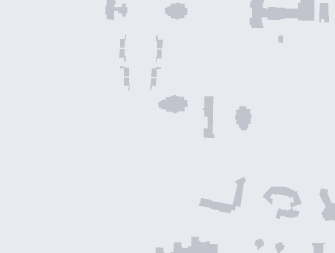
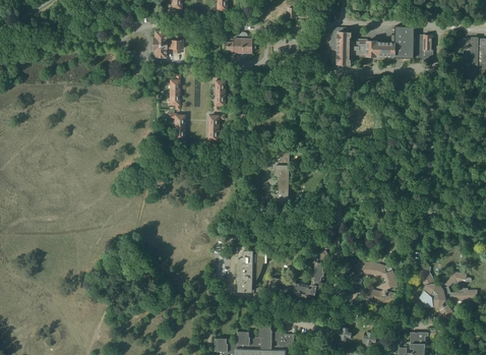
building: [158,94,188,114] -> none
building: [234,106,253,131] -> none
building: none -> [239,244,267,291]

